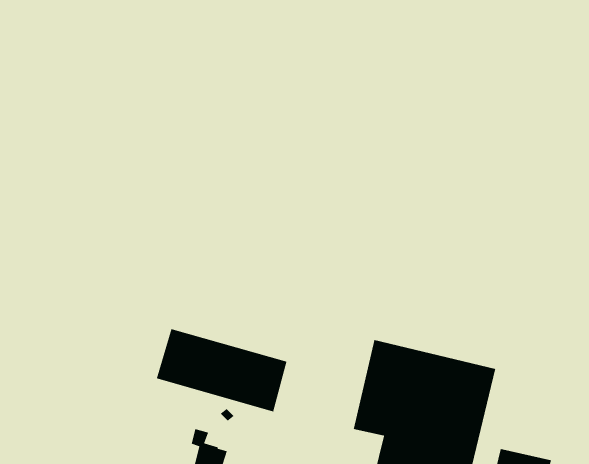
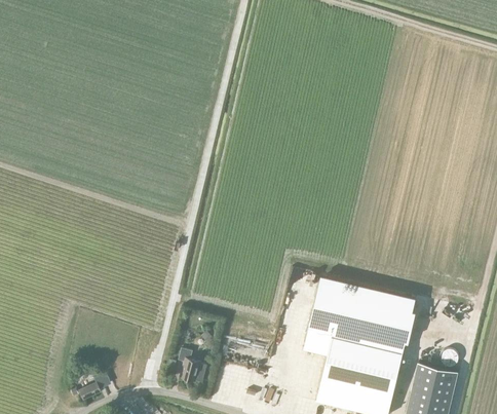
building: [156,328,287,413] -> none

